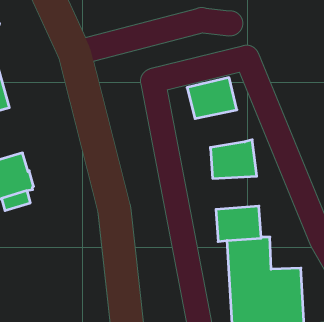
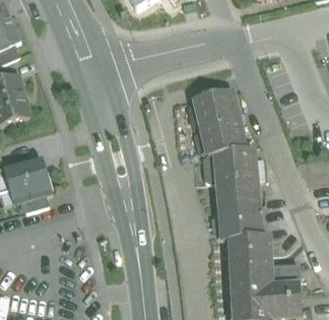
building: none -> [201,119,247,155]
building: none -> [217,180,260,210]

